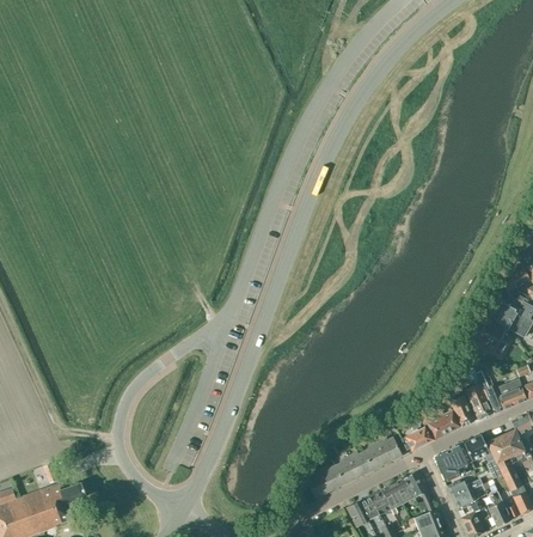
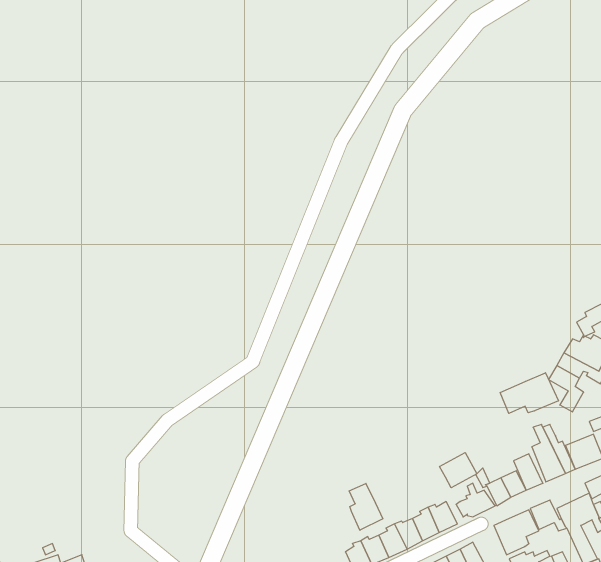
building: none -> [500,373,558,413]
building: none -> [440,453,477,488]
building: none -> [349,483,383,530]

